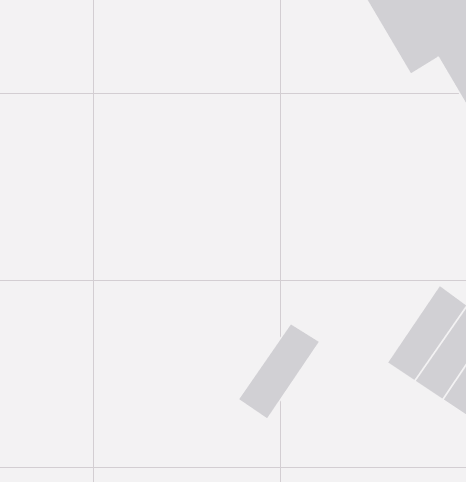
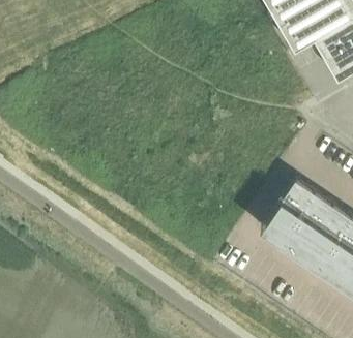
building: [238,323,320,419] -> [261,182,316,246]

